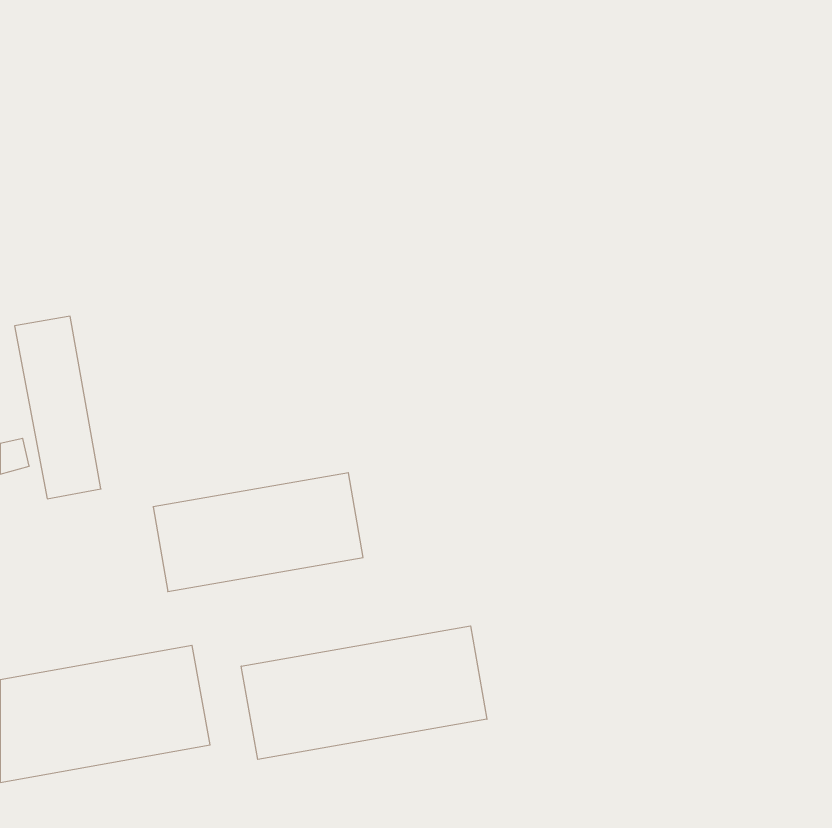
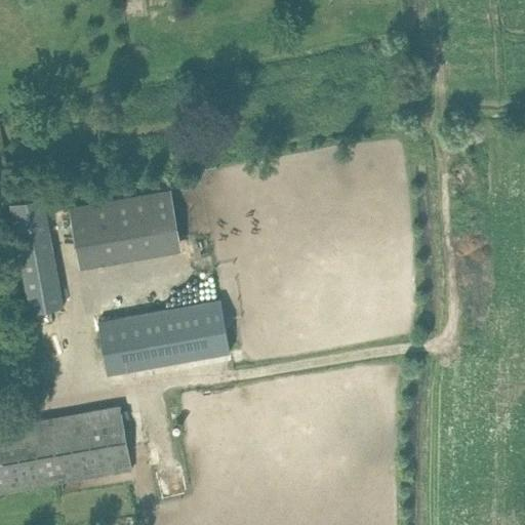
building: none -> [68,191,178,260]
building: [241,626,487,759] -> none

